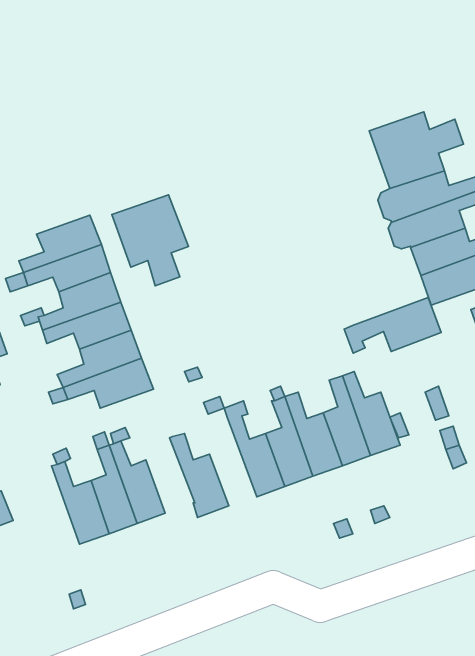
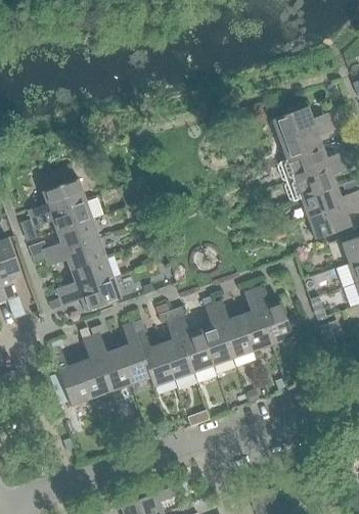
building: [112,195,188,286] -> none
building: [344,298,441,353] -> none
building: none -> [161,318,193,379]
building: none -> [117,323,150,384]

